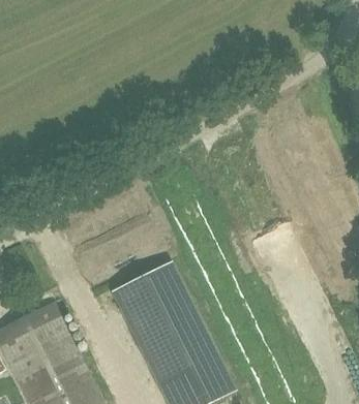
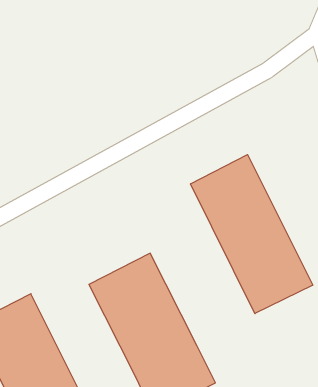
building: none -> [191,155,313,314]

